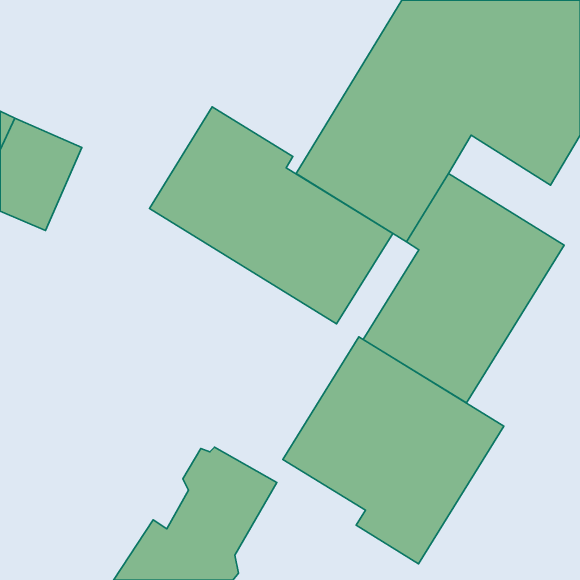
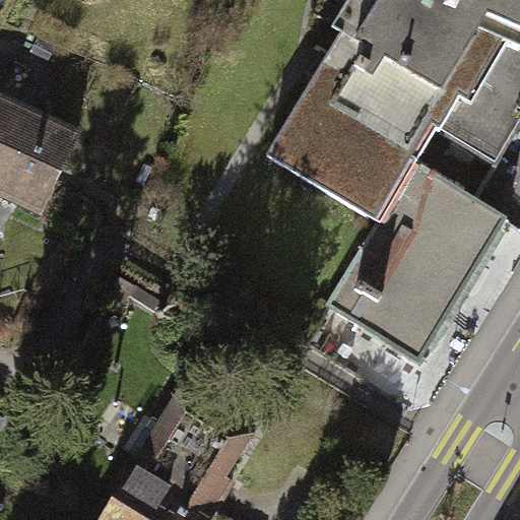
building: [149,107,393,324] -> none
building: [283,337,504,564] -> none

